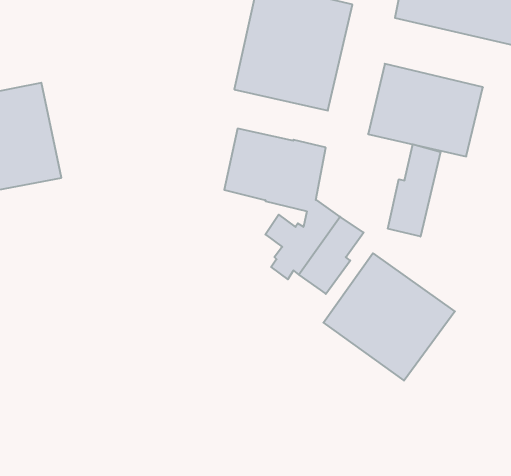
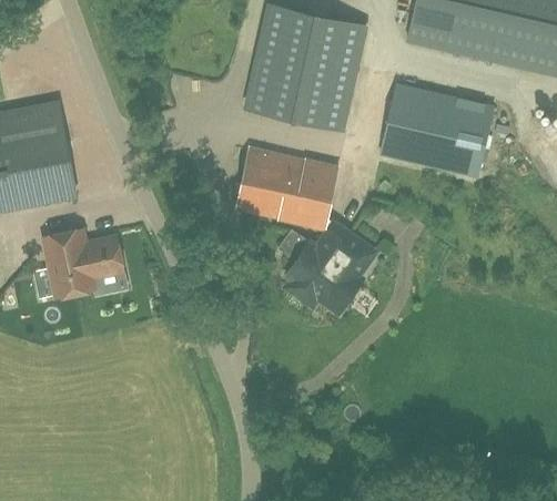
building: [388,144,441,237] -> none
building: none -> [43,231,123,297]
building: [323,253,455,381] -> none

